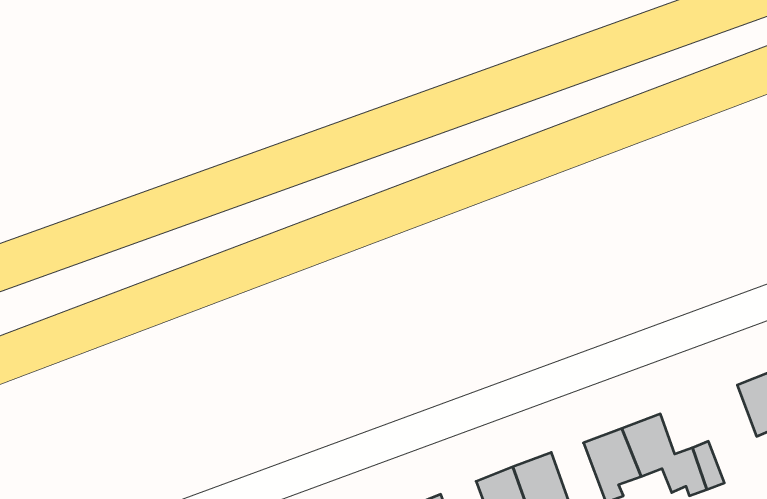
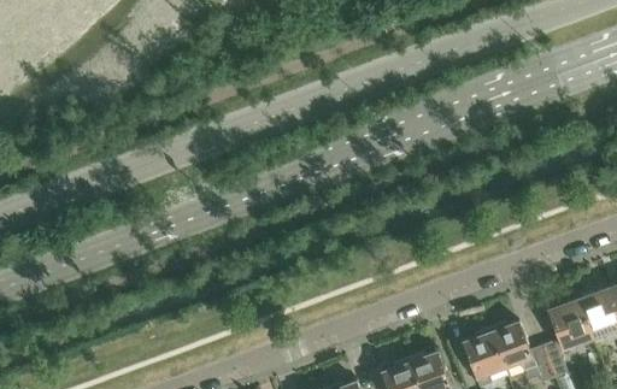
building: none -> [548,299,592,348]

